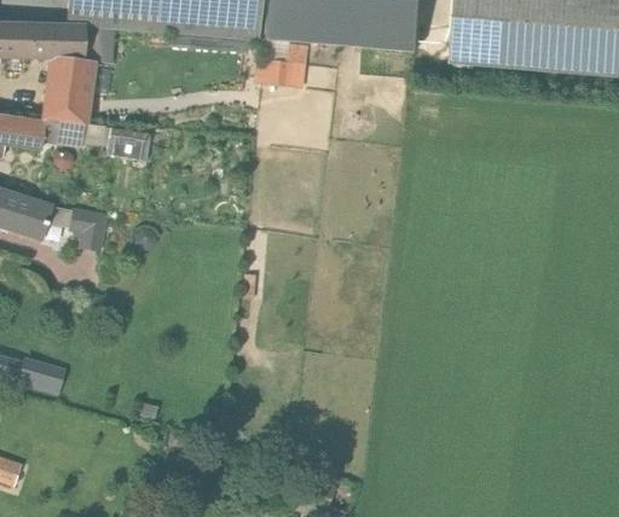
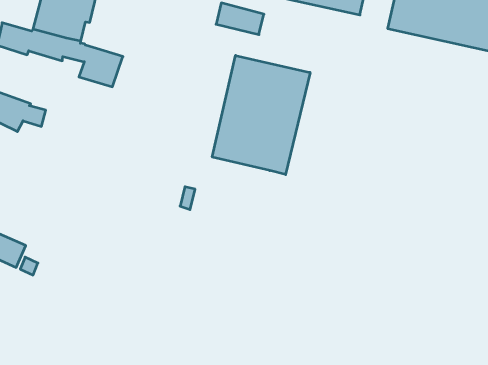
building: none -> [212,55,310,175]
building: [68,208,103,250] -> none

